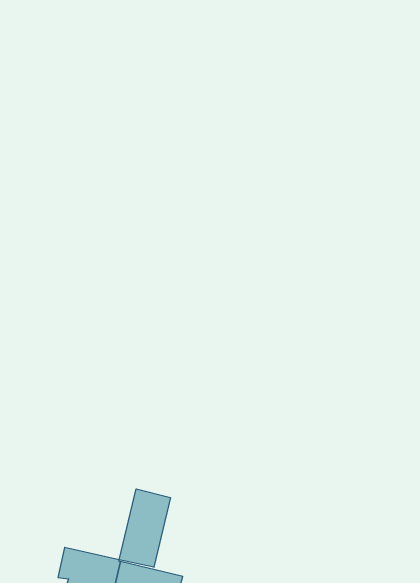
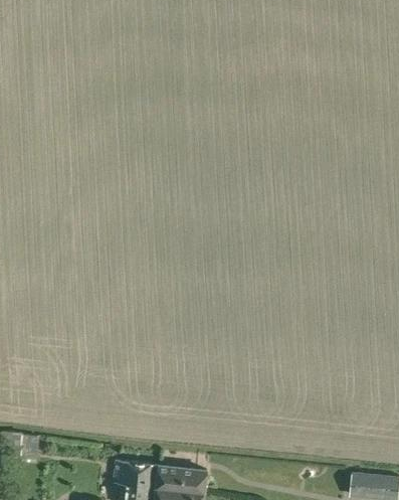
building: [119,489,170,567] -> none

